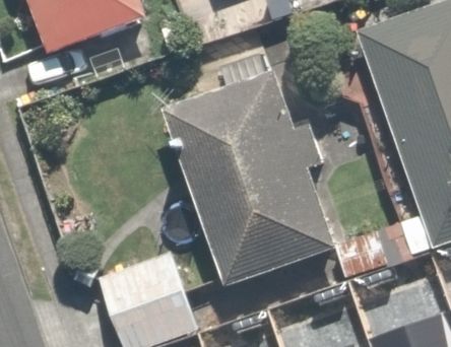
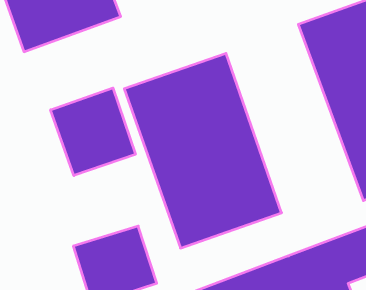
building: none -> [51,88,135,176]

